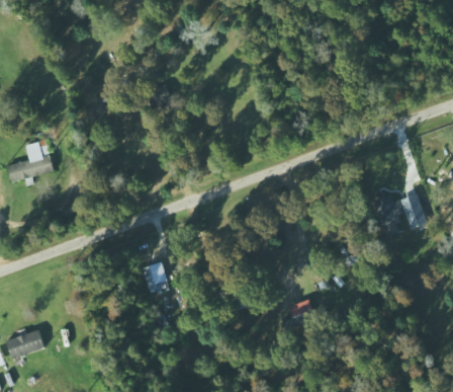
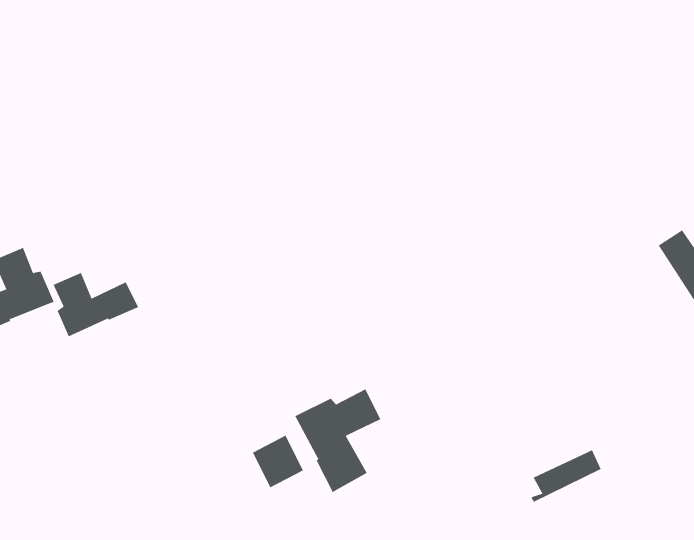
building: none -> [53,272,139,337]
building: none -> [294,388,381,493]

